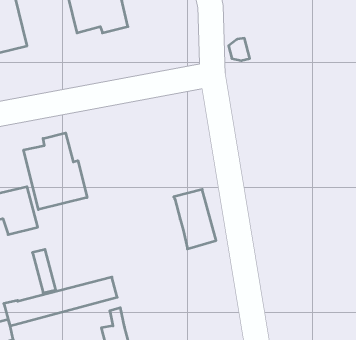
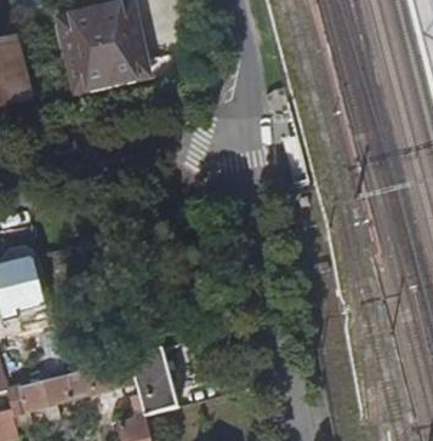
building: [24,133,87,210] -> none
building: [174,189,216,249] -> [127,348,176,416]

